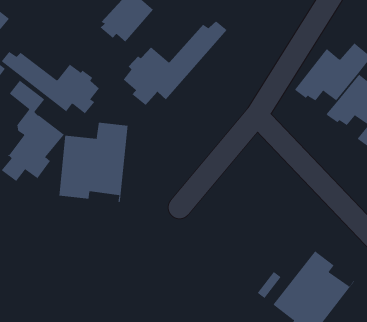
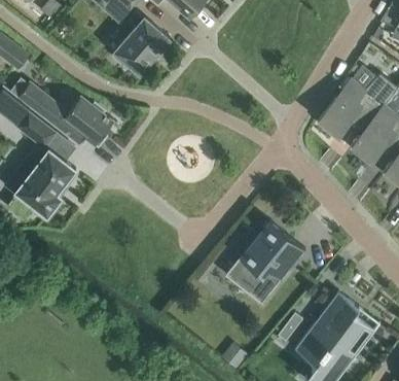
building: [123,20,227,106] -> none
building: [59,122,128,203] -> none
building: none -> [233,220,305,305]

